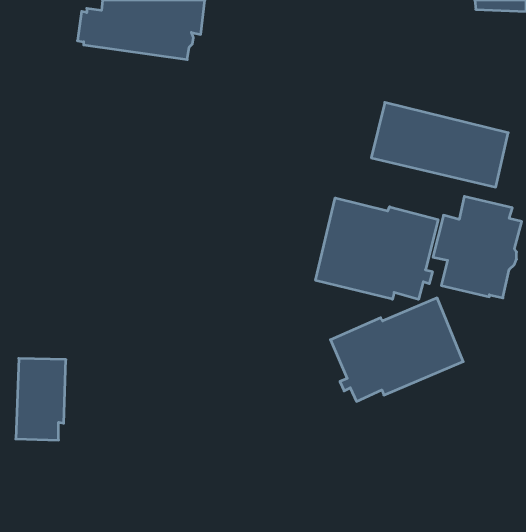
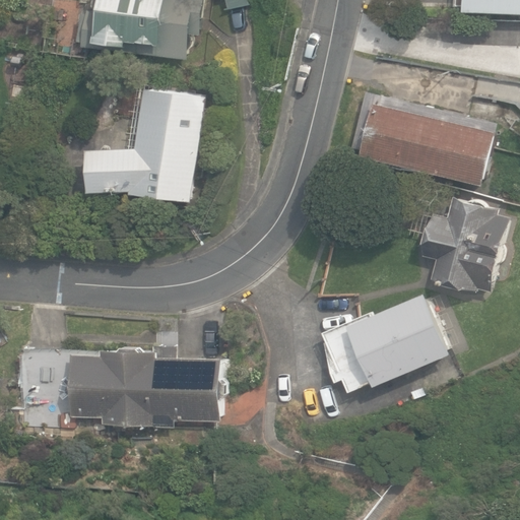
building: none -> [86,90,203,202]
building: [316,198,438,299] -> none
building: none -> [69,345,224,427]

